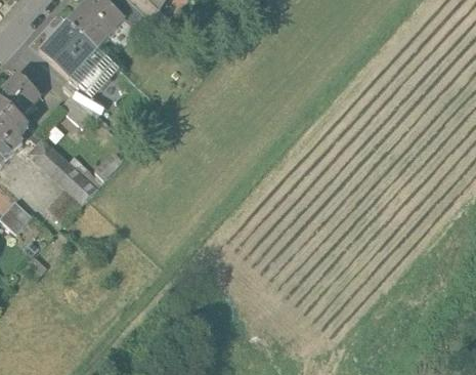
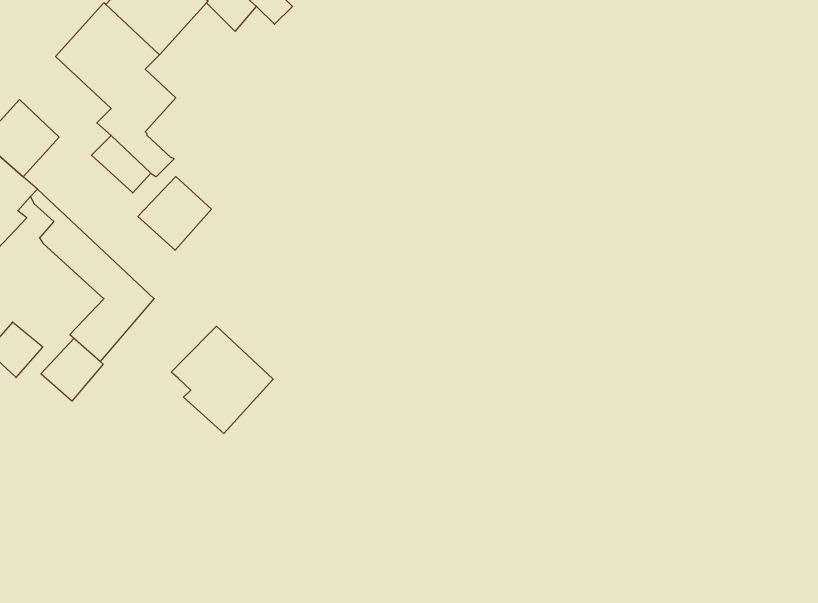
building: none -> [138,177,211,250]
building: none -> [171,326,273,433]
building: none -> [41,338,103,401]

